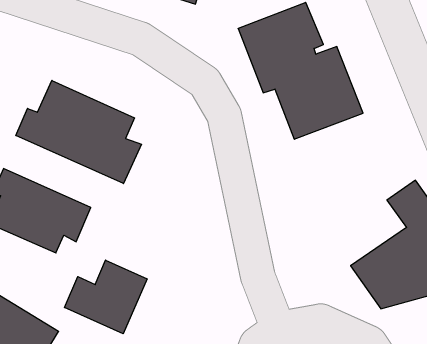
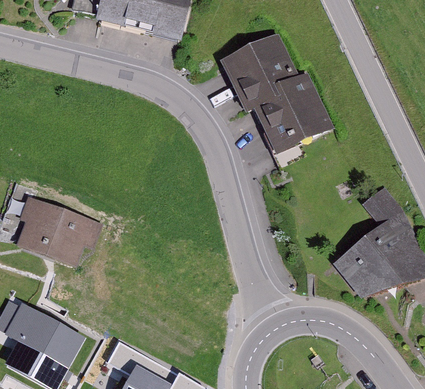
building: [16,80,142,184] -> none
building: [65,260,147,334] -> none

